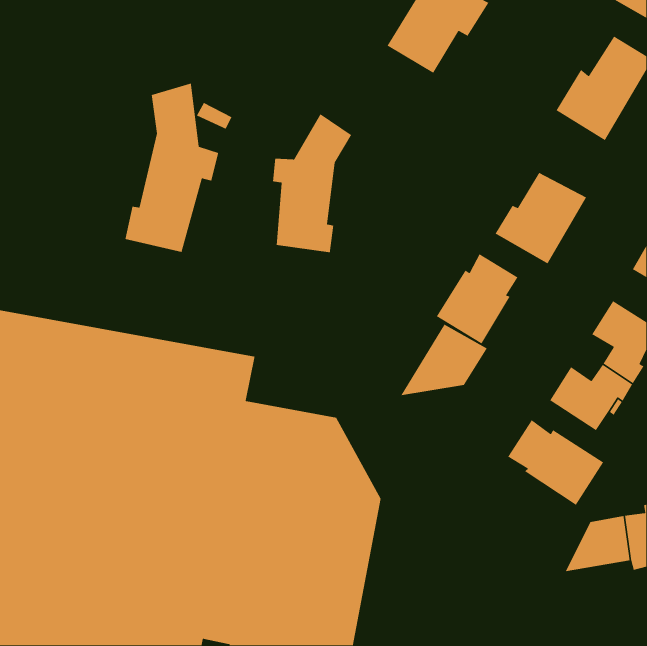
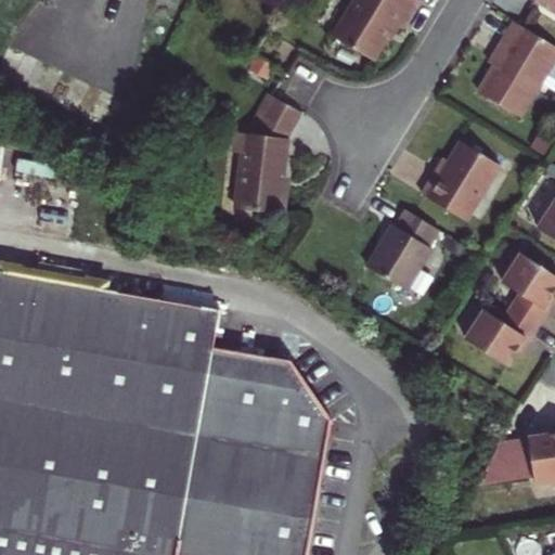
building: [124,83,219,253] -> none
building: [400,324,488,396] -> none
building: [507,419,604,506] -> none

